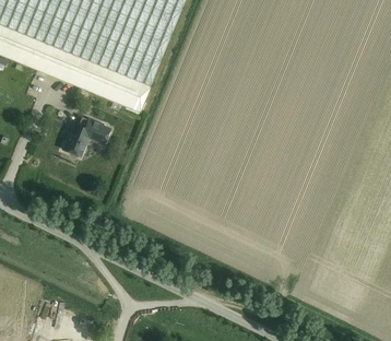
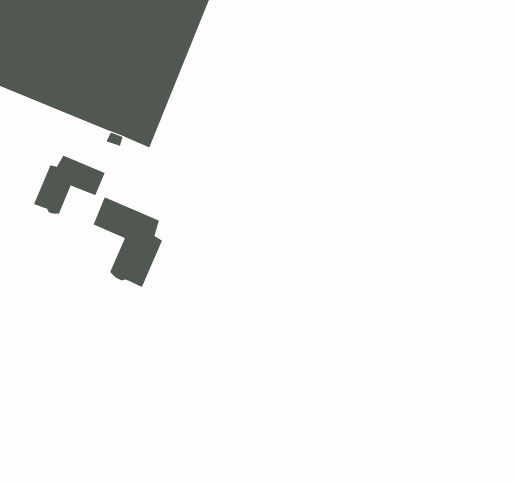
building: none -> [93,197,163,288]

